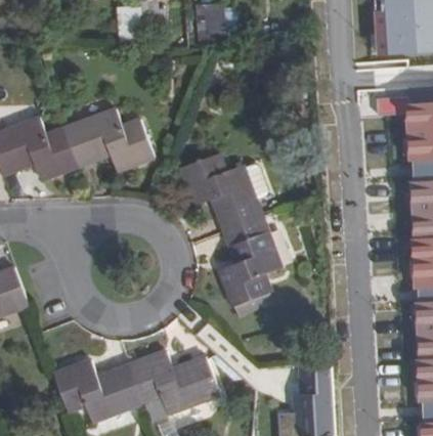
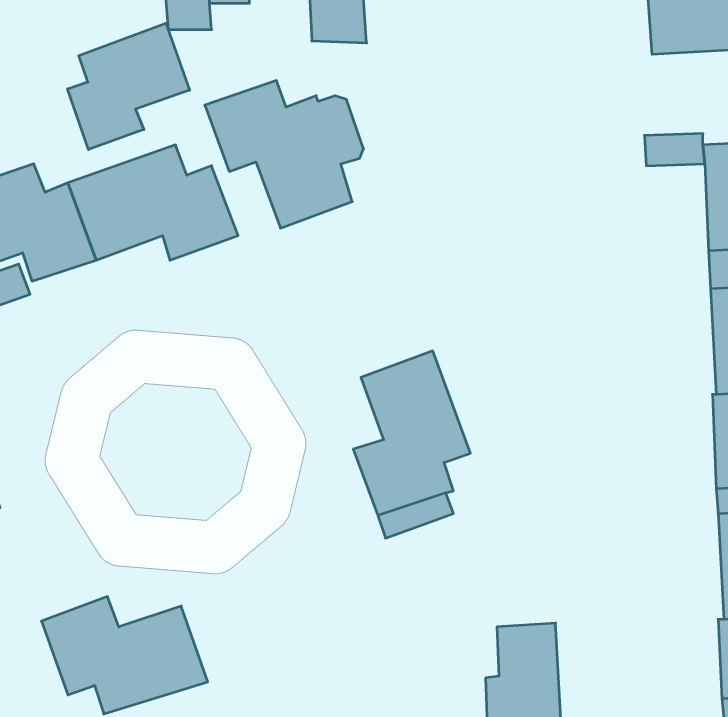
building: none -> [68,23,190,150]
building: [181,152,267,232] -> [205,81,364,228]
building: [125,344,216,406] -> none

